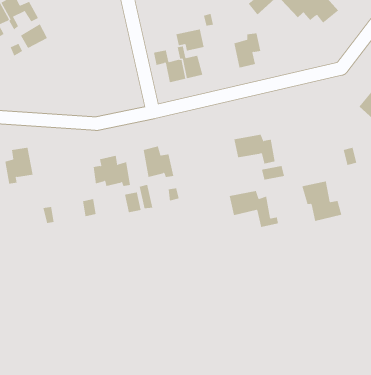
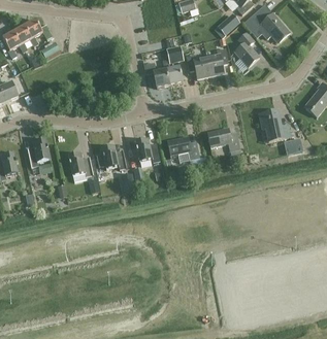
building: none -> [234,31,259,66]
building: none -> [186,54,210,77]
building: none -> [68,150,93,175]
building: [301,181,342,222] -> [258,108,290,140]
building: [229,191,279,227] -> [166,135,205,164]

